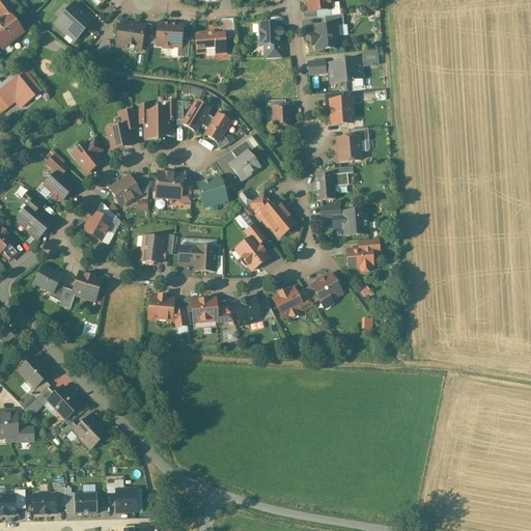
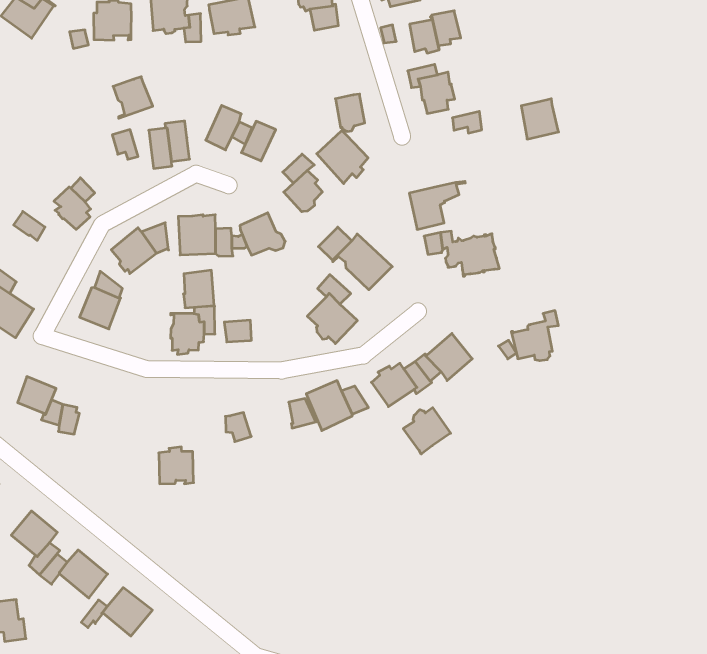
building: [107,123,132,149] -> [113,77,153,118]
building: none -> [317,131,368,184]
building: [337,136,360,161] -> [521,99,559,139]
building: [44,171,73,200] -> none
building: [345,239,378,271] -> [511,311,558,361]
building: [194,247,215,271] -> [183,270,214,308]
building: [72,272,100,298] -> none
building: [147,295,172,319] -> [159,447,194,484]
building: [191,298,216,322] -> none
building: none -> [403,408,451,454]

